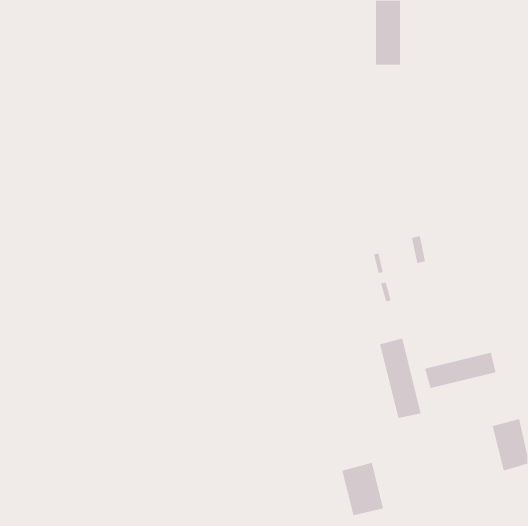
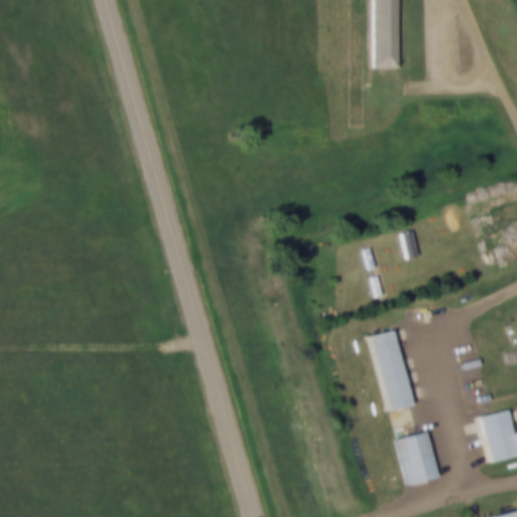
building: [425,352,496,389] -> none
building: [341,462,384,516] -> [398,432,439,485]

